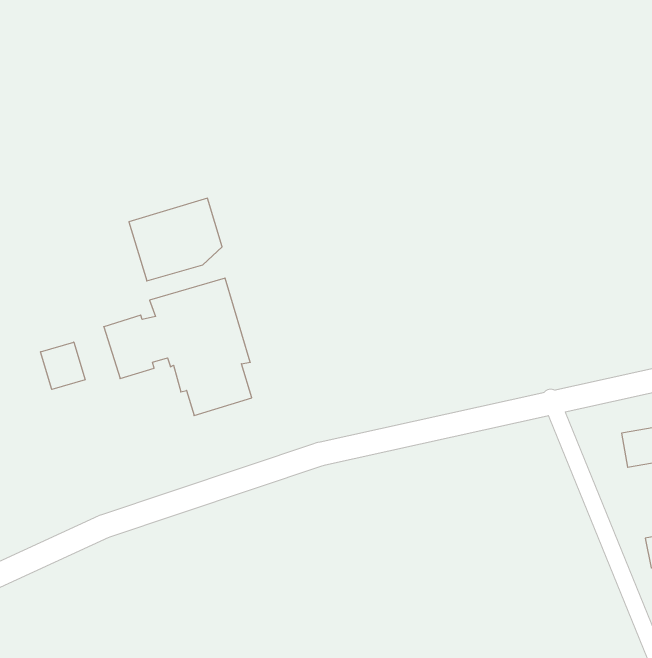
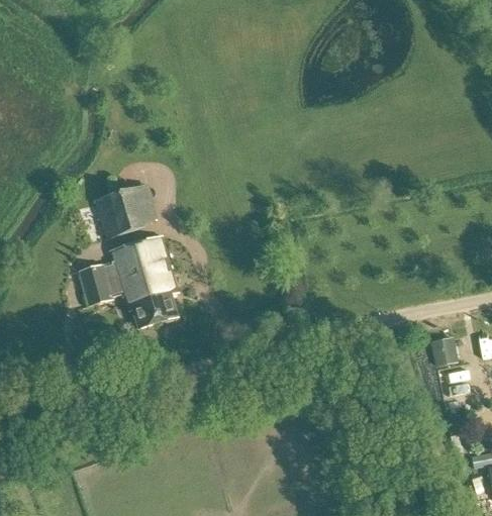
building: [41,342,85,389] -> none

